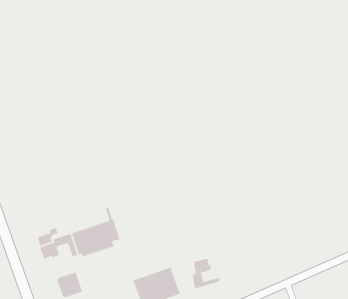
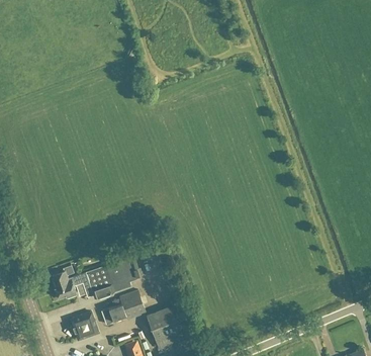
building: none -> [101,288,145,322]
building: [189,258,221,289] -> none

